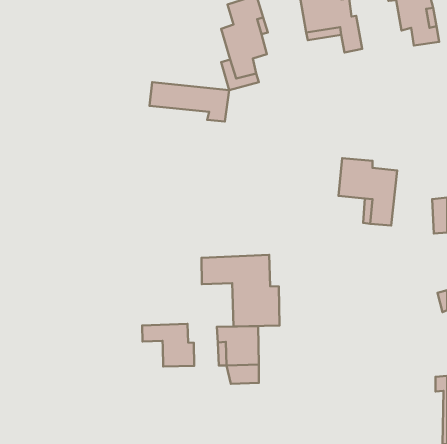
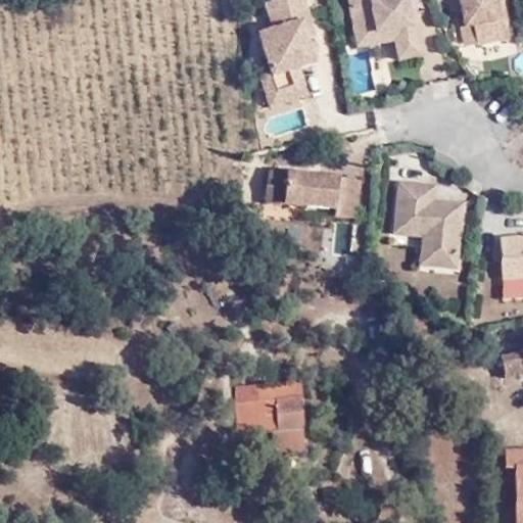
building: [150,82,229,121] -> [264,171,356,217]
building: [202,255,279,327] -> none
building: [142,324,194,367] -> none

